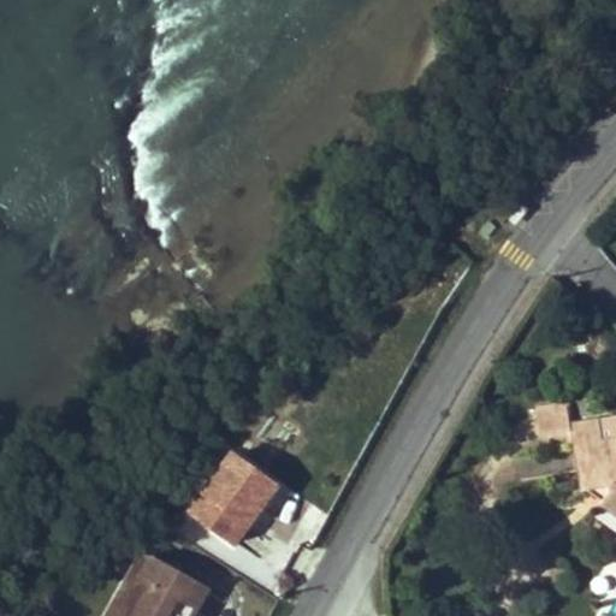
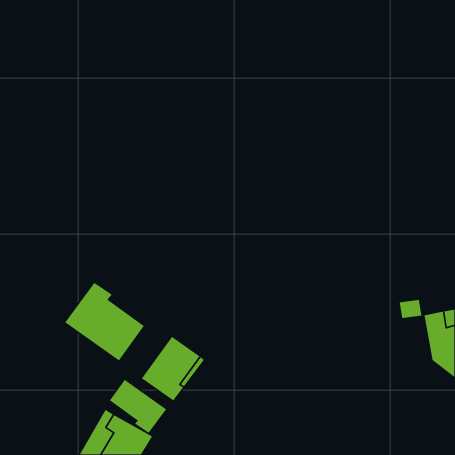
building: none -> [64,282,145,362]
building: none -> [109,379,167,434]

